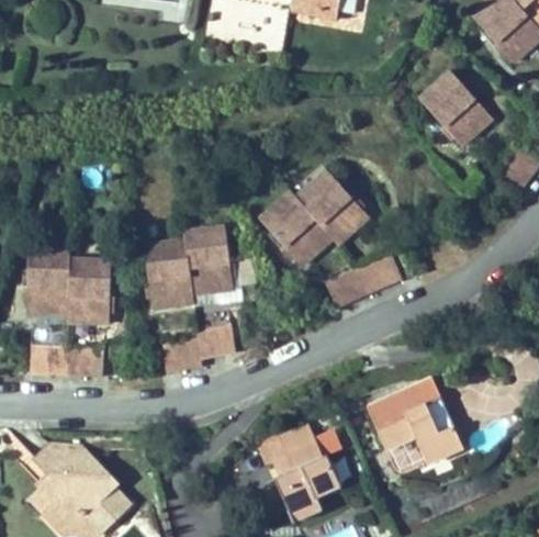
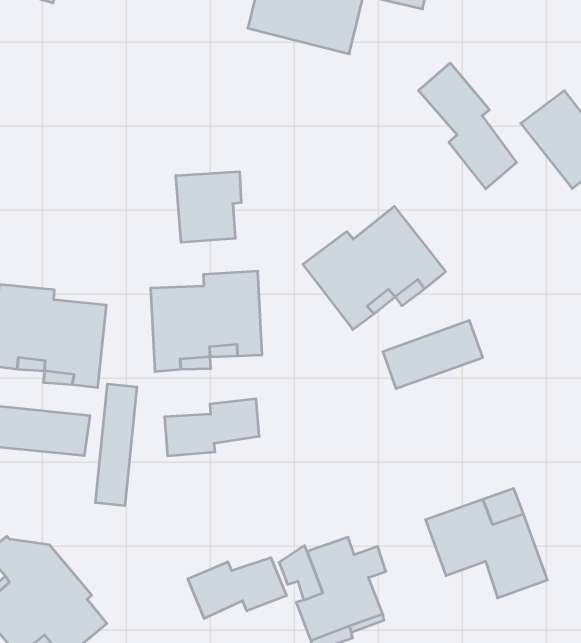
building: none -> [418,63,517,189]
building: none -> [176,172,241,242]
building: none -> [95,384,137,506]
building: none -> [188,558,287,619]

